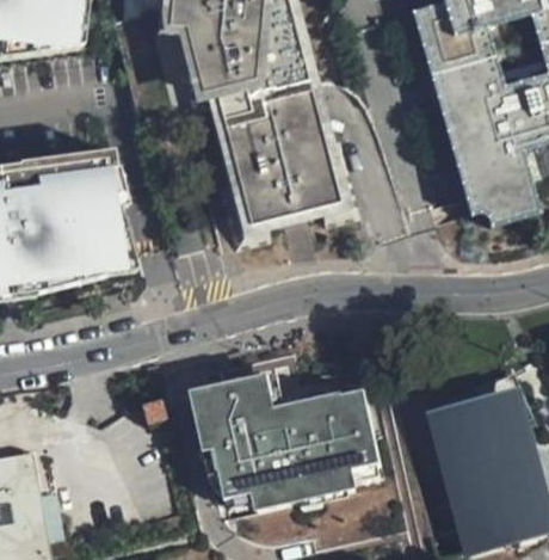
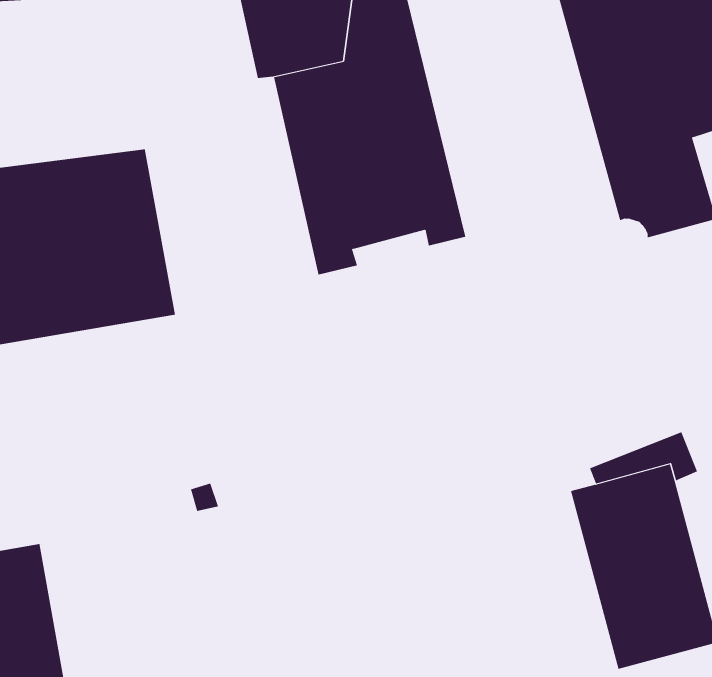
building: [198,377,382,516] -> none

